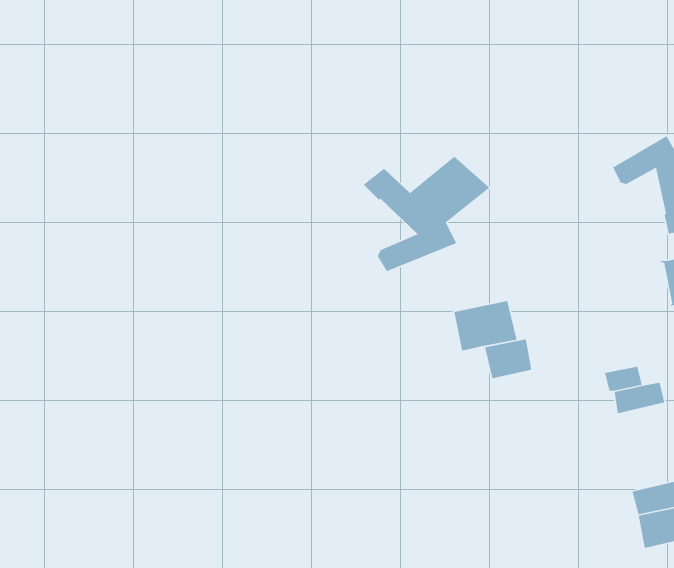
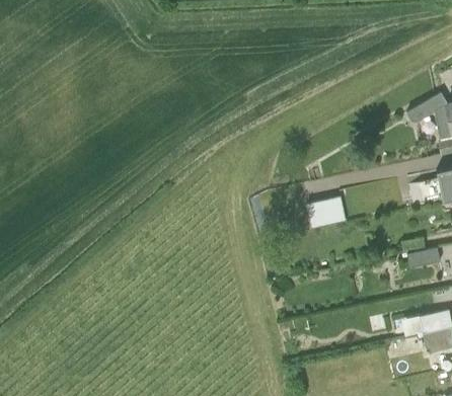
building: [363,156,490,272] -> none
building: [484,339,532,379] -> none

